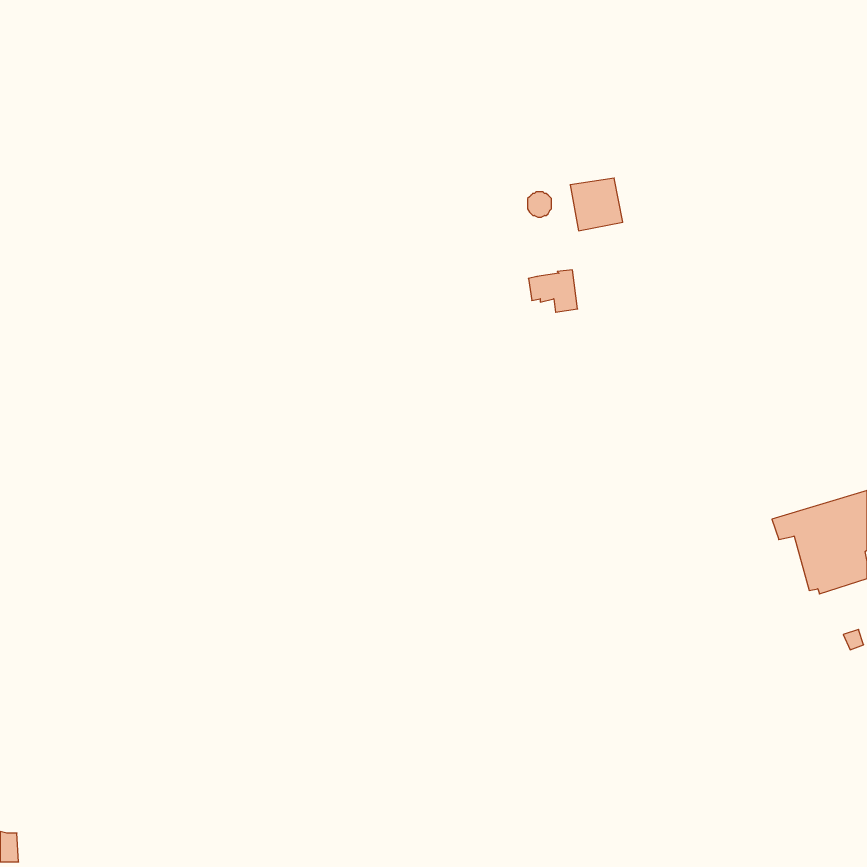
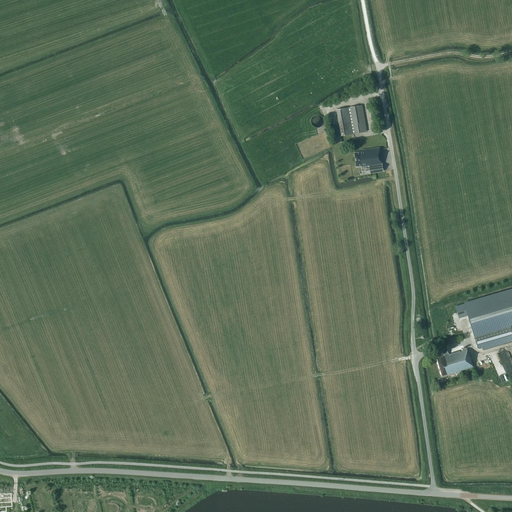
building: [528,270,578,312] -> [354,148,383,173]
building: none -> [437,348,474,375]

